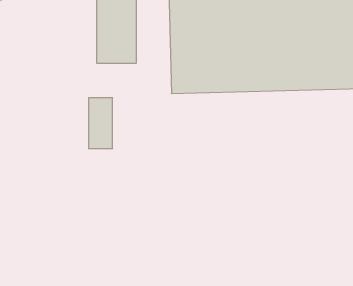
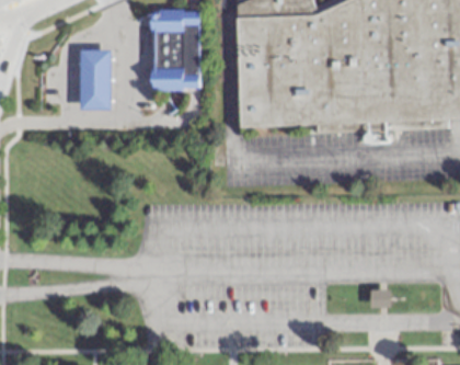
building: [89,98,113,149] -> [81,50,110,111]

